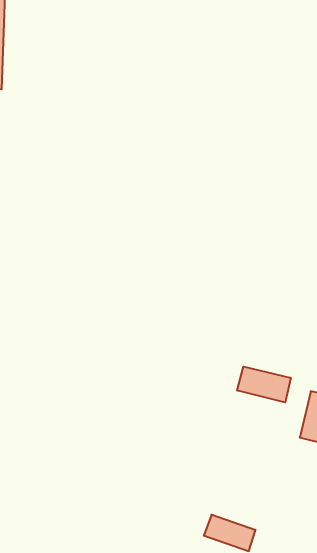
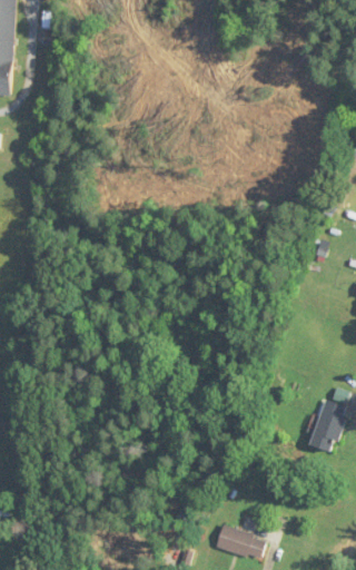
building: [237,367,291,402] -> none

